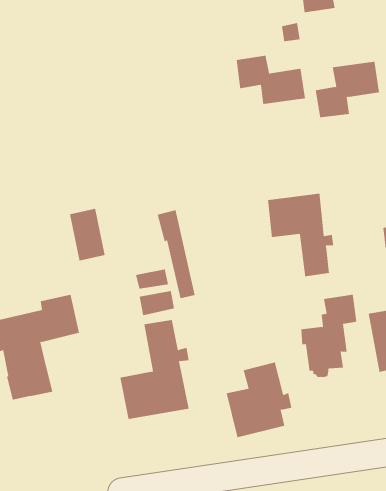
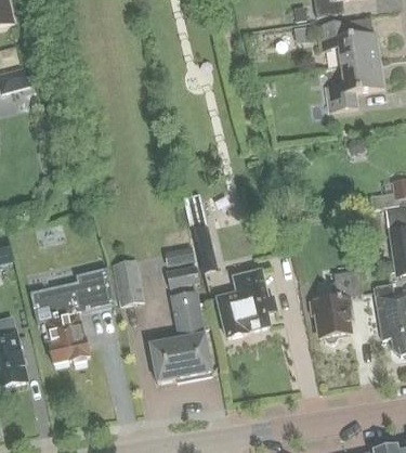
building: [236,55,306,105] -> [316,20,379,64]
building: [267,193,334,277] -> none
building: [69,208,105,261] -> [112,257,144,305]
building: [226,362,292,438] -> [217,268,276,336]

